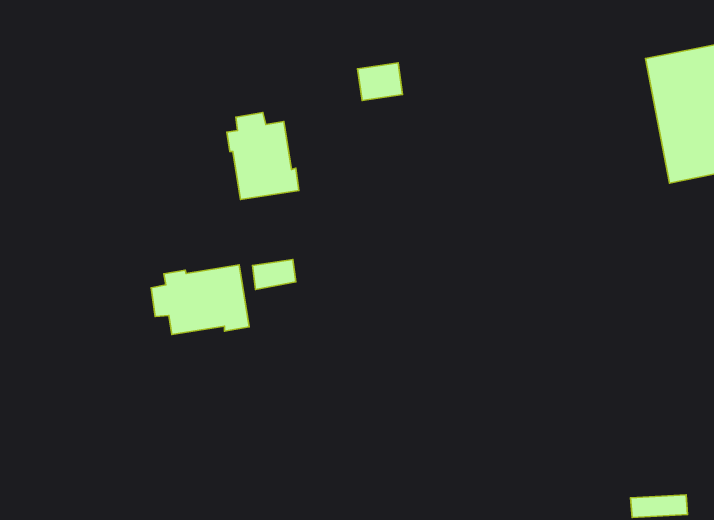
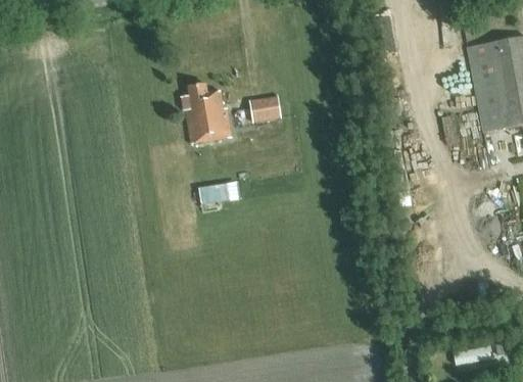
building: [358,63,403,100] -> [250,96,281,122]
building: [151,265,249,334] -> none

